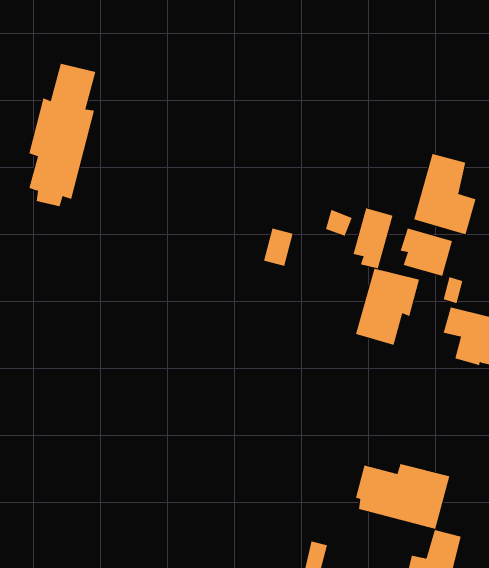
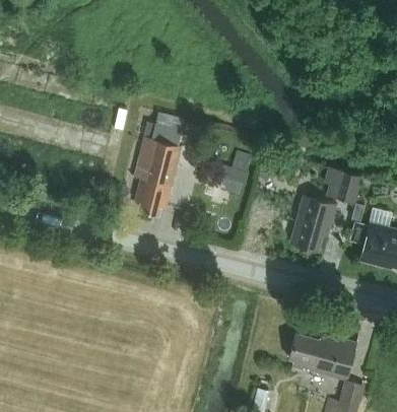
building: [29,63,96,207] -> [135,113,183,214]
building: [413,153,476,235] -> none
building: [353,207,393,269] -> none

